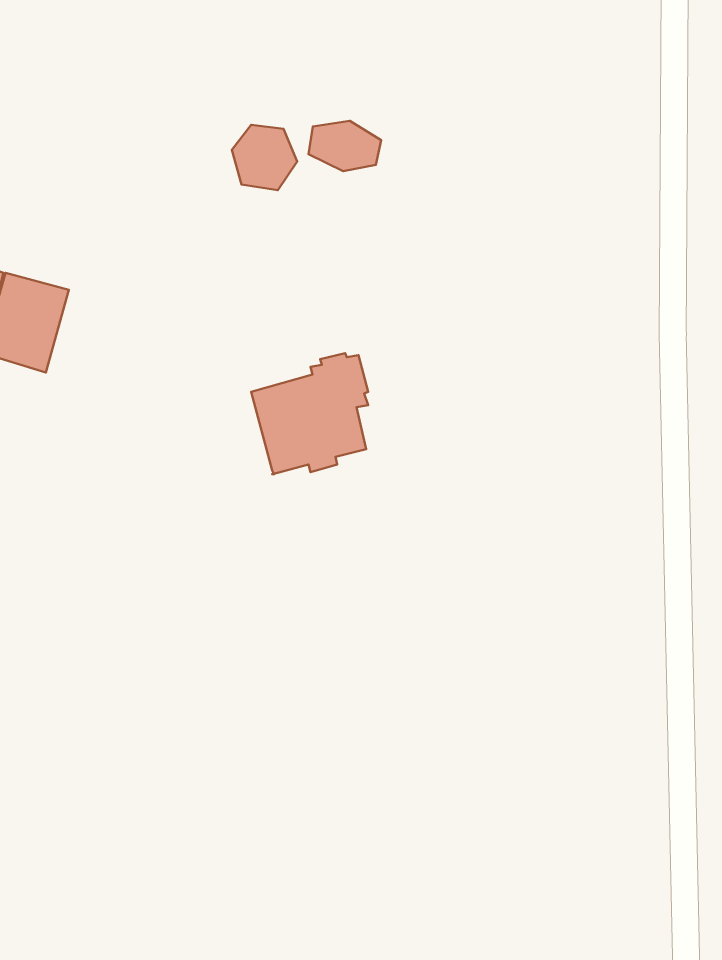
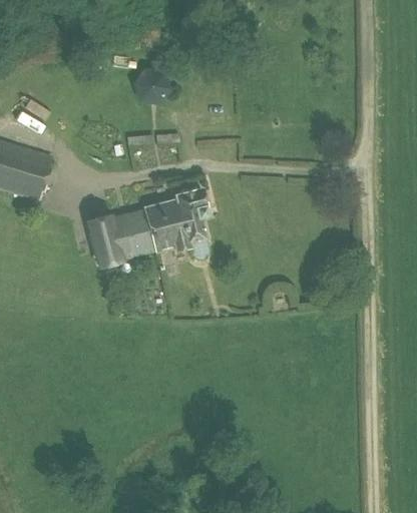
building: [308,121,381,171] -> none
building: none -> [89,208,156,267]

